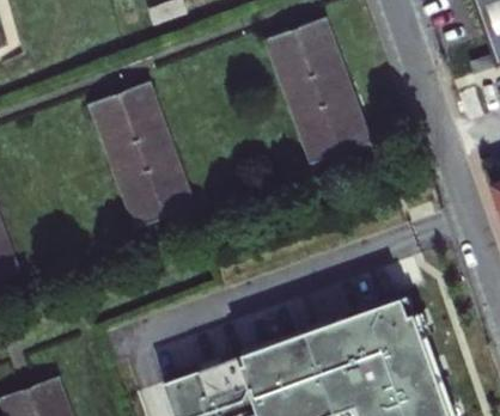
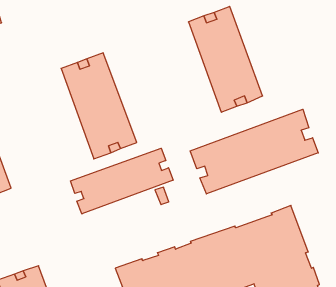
building: none -> [190,109,318,194]
building: none -> [70,148,173,214]

